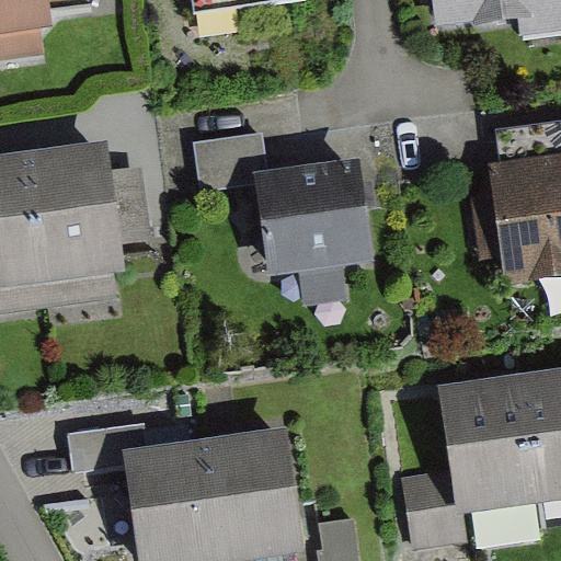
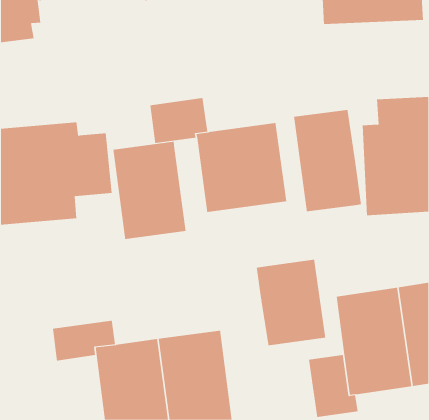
building: none -> [294,109,362,212]
building: none -> [113,141,186,240]
building: none -> [256,259,326,346]

